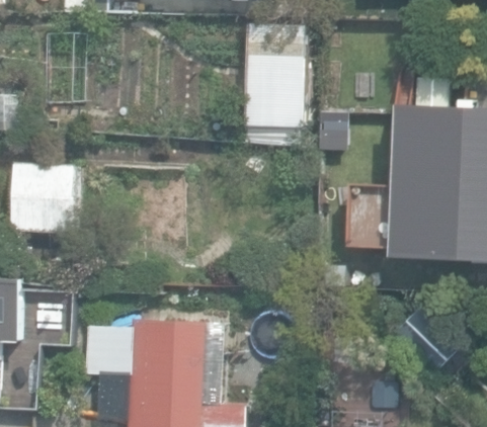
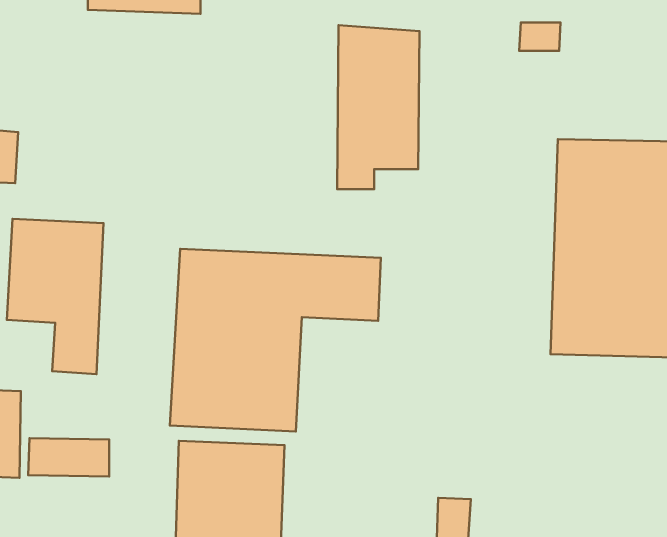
building: none -> [170,249,381,432]

